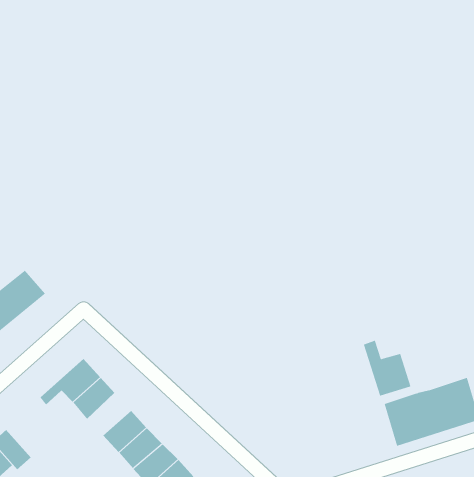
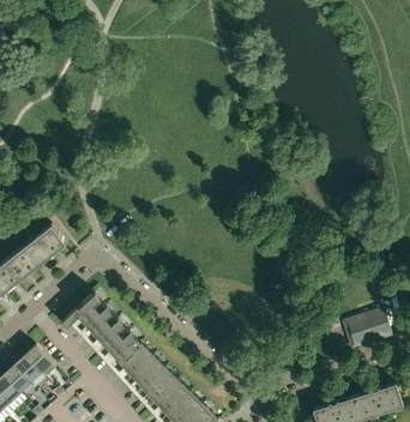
building: [363,340,411,397] -> none
building: none -> [96,319,129,351]

